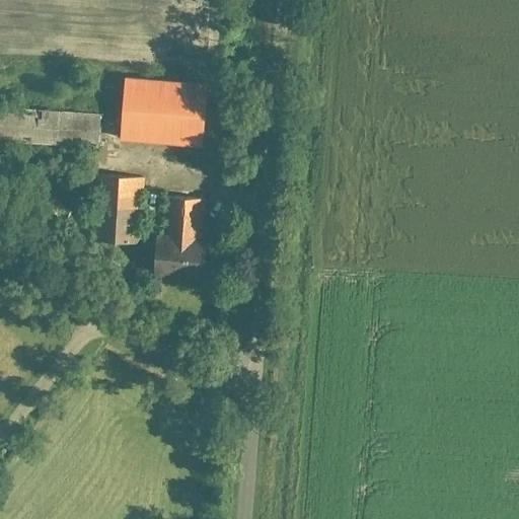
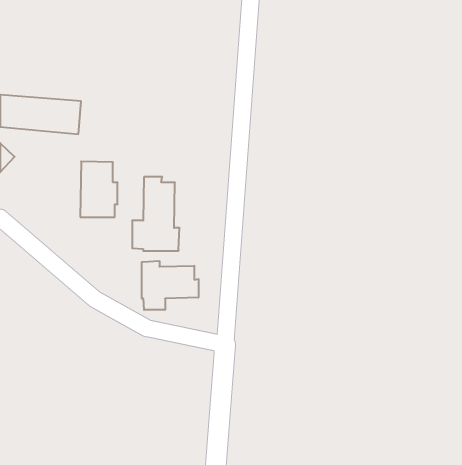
building: [127,80,221,145] -> none
building: none -> [142,261,198,310]

